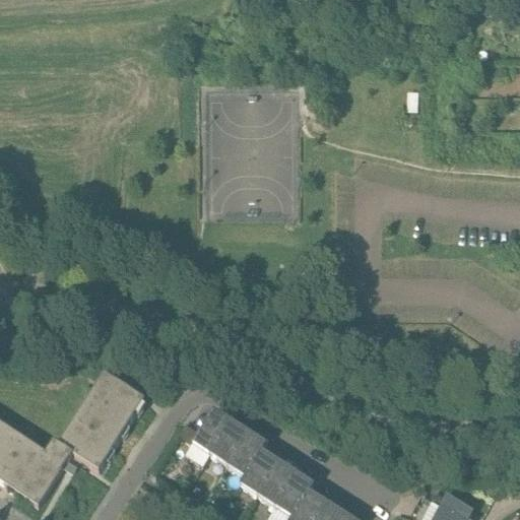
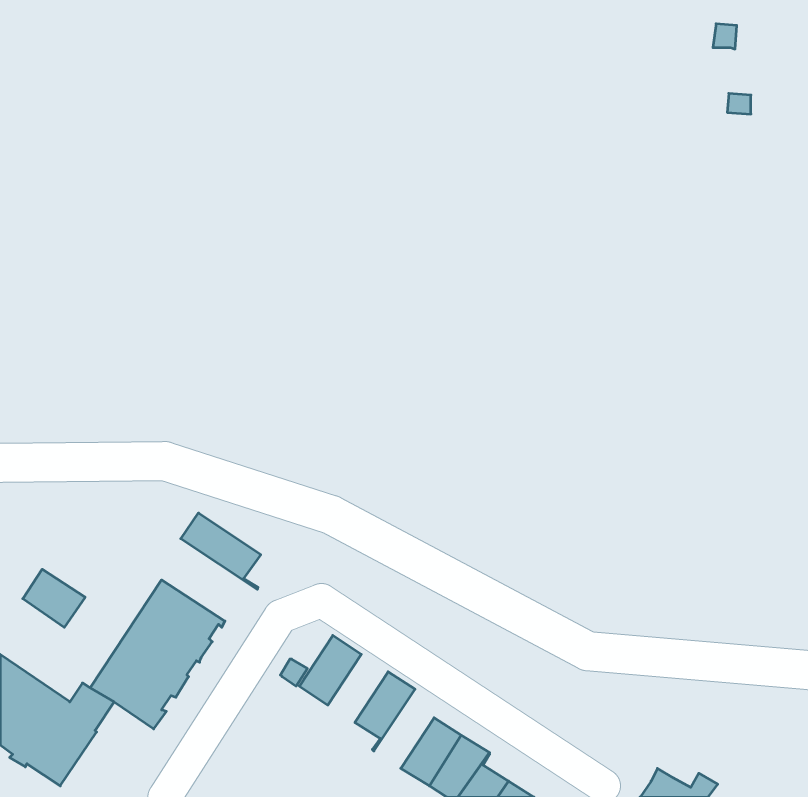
building: none -> [181,513,261,589]
building: none -> [23,569,85,627]
building: [211,419,250,463] -> none
building: [241,442,279,493] -> none

